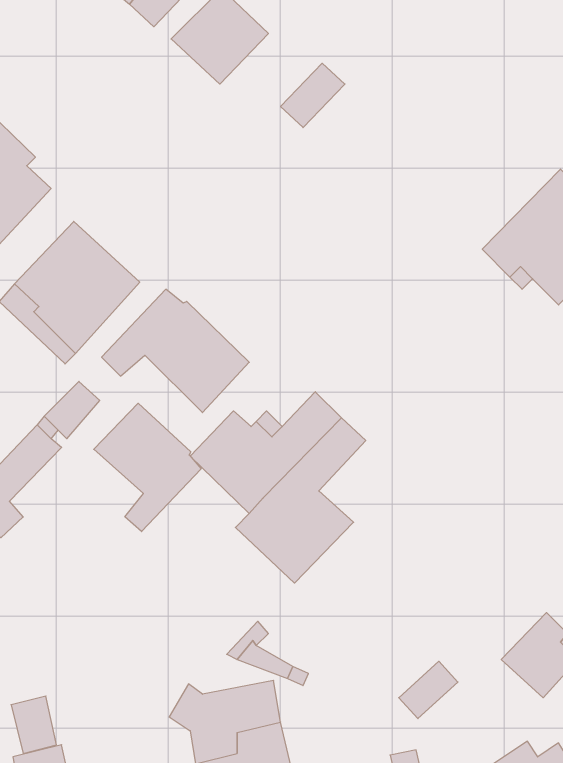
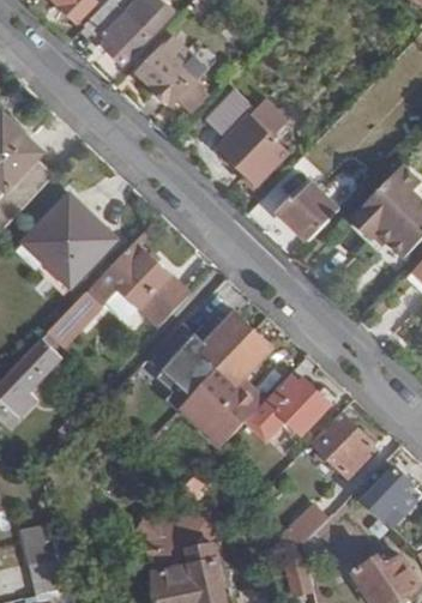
building: none -> [219,100,287,183]
building: none -> [278,181,339,242]
building: [94,403,201,532] -> none
building: none -> [266,374,330,432]
building: none -> [312,412,374,476]

